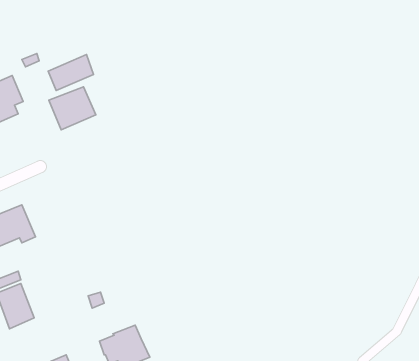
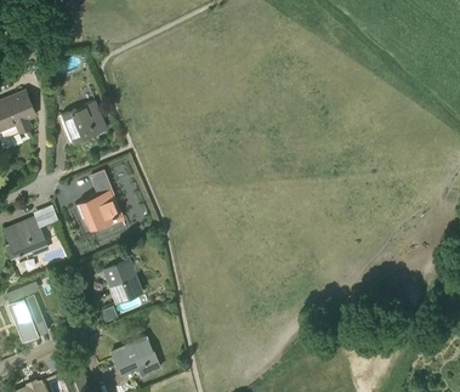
building: [48,55,93,90] -> none
building: none -> [79,189,121,229]
building: none -> [106,261,141,301]

